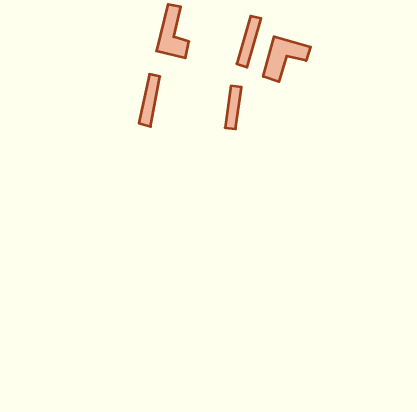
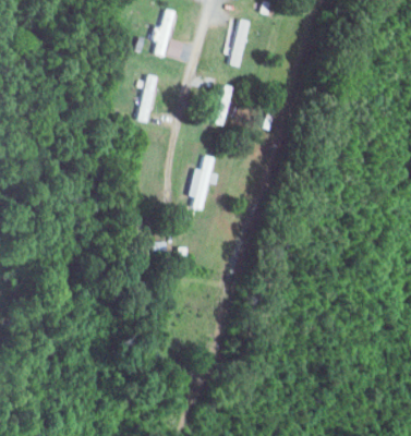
building: [263,37,311,82] -> none
building: none -> [188,156,219,210]

